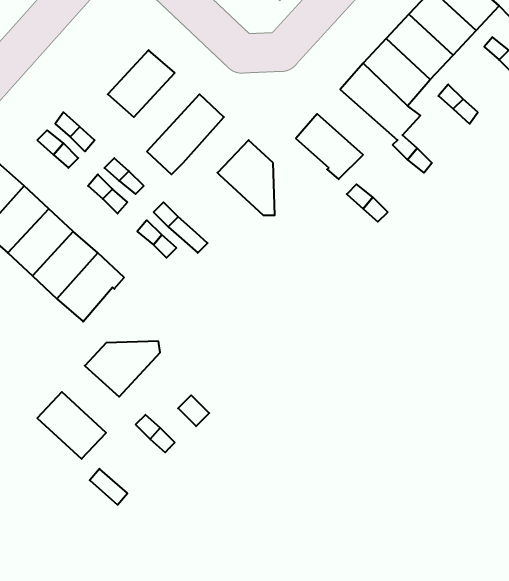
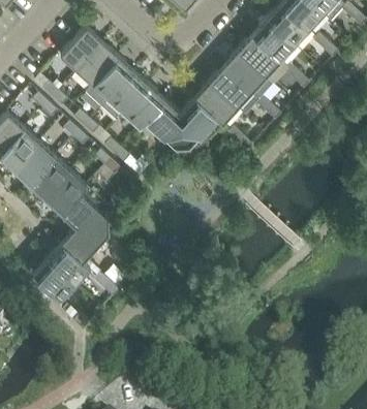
building: none -> [60,28,101,70]
building: none -> [85,57,133,106]
building: none -> [208,67,258,115]
building: none -> [123,85,164,128]
building: none -> [180,98,221,153]
building: none -> [60,186,112,227]
building: none -> [47,242,90,284]

